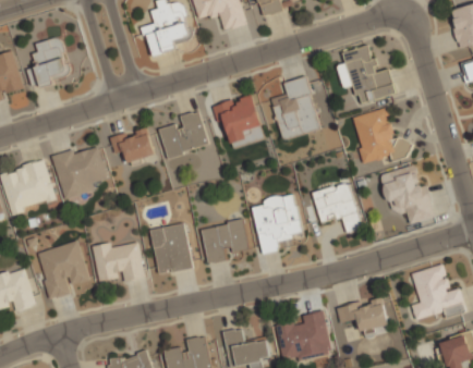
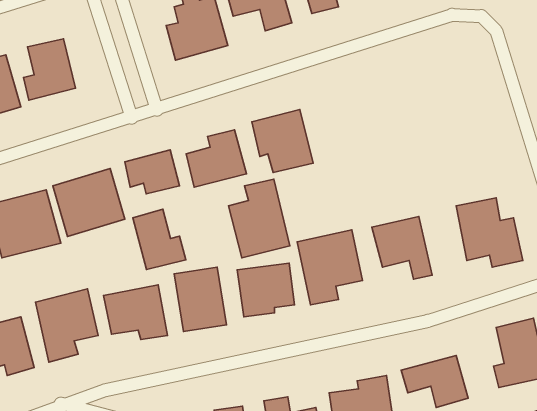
building: [337,45,396,105] -> none
building: [270,76,320,140] -> [229,179,290,258]
building: [350,108,412,165] -> none
building: none -> [133,209,186,270]

